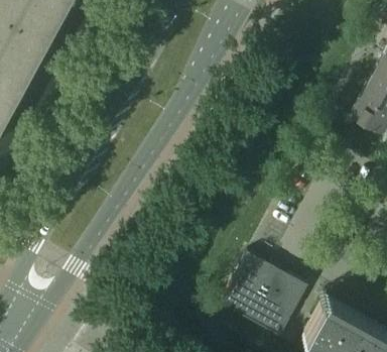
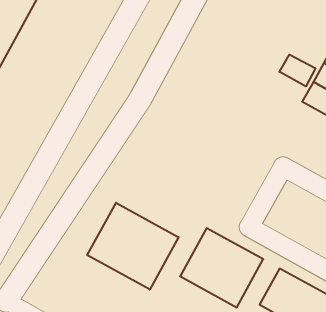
building: none -> [279,55,315,86]
building: none -> [87,203,179,290]

